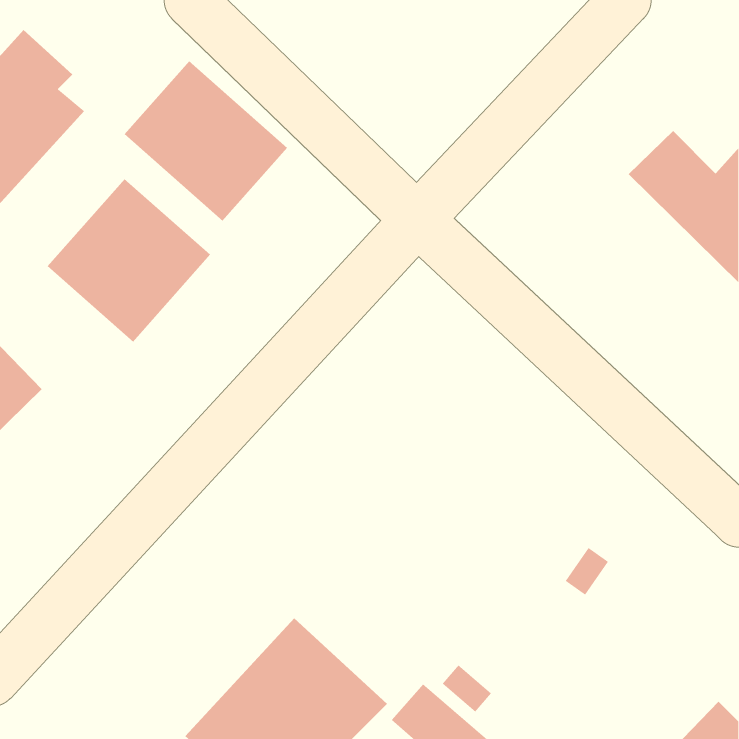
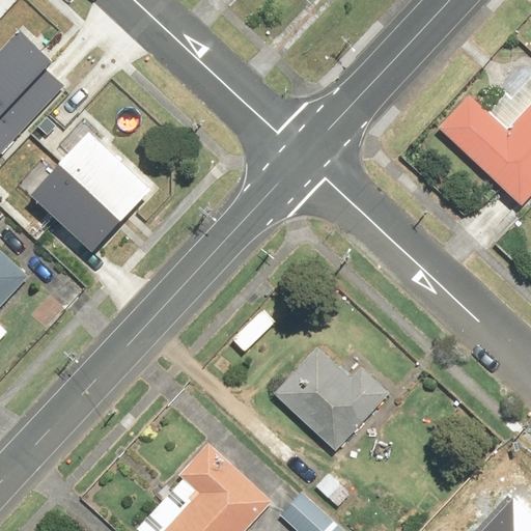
building: [124,61,288,221] -> none
building: none -> [272,348,394,456]

